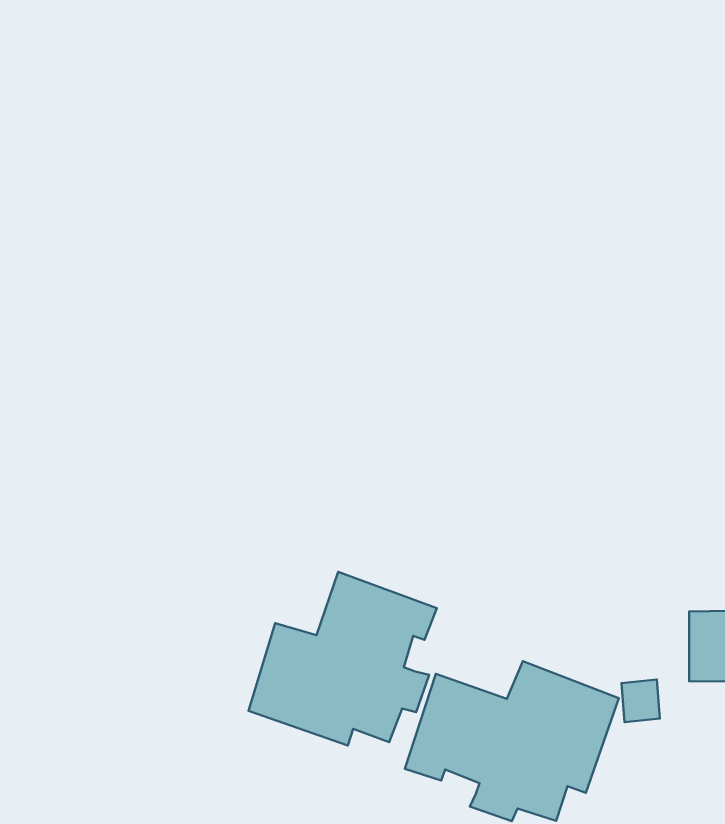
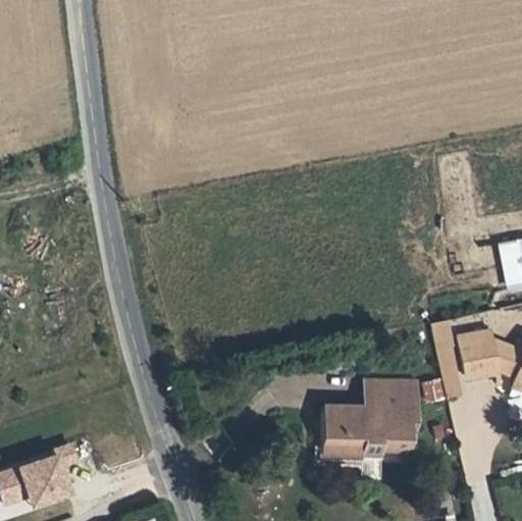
building: [248,572,437,745] -> none

